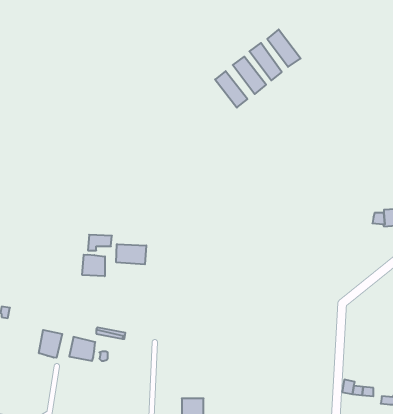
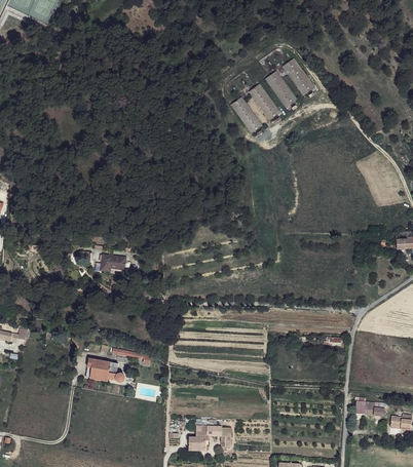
building: [116,244,146,264] -> none
building: [82,255,105,276] -> none
building: [39,330,62,358] -> none

